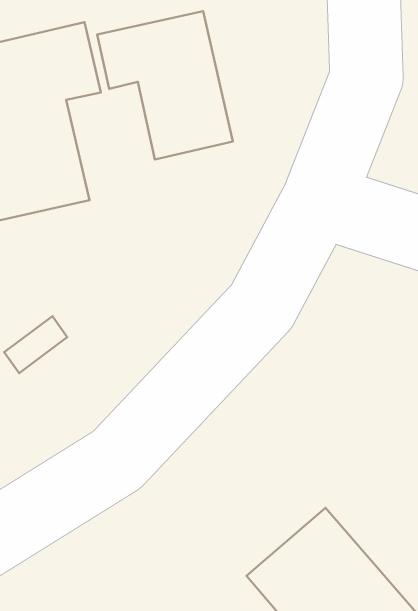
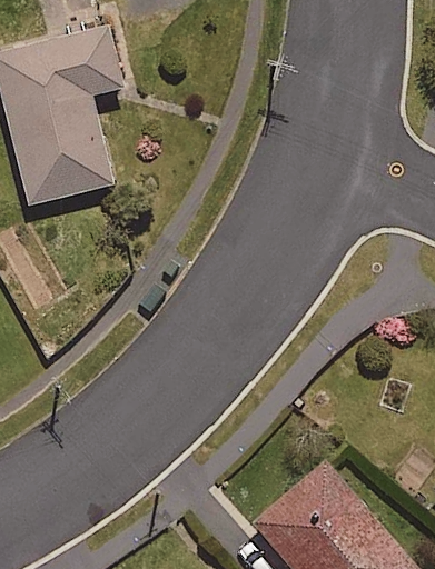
building: [97,11,233,159] -> none

